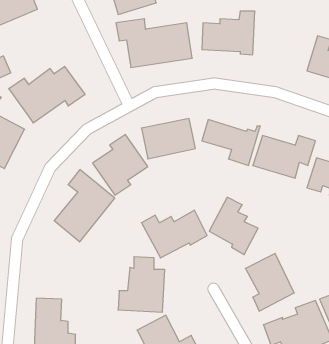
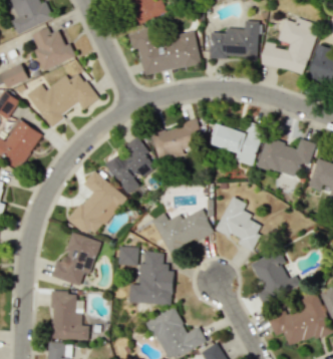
building: none -> [260,18,318,75]
building: none -> [31,28,75,70]
building: none -> [51,232,100,286]
building: none -> [118,246,138,266]

